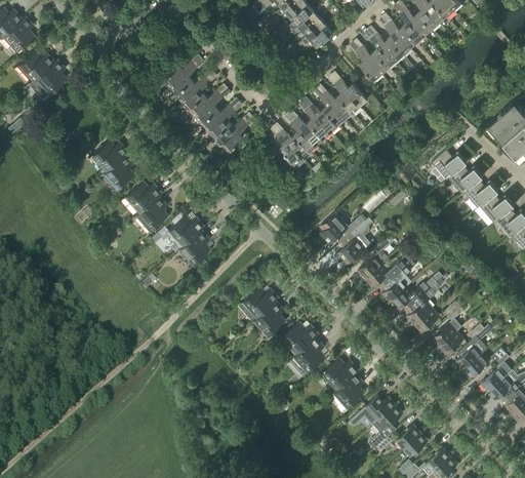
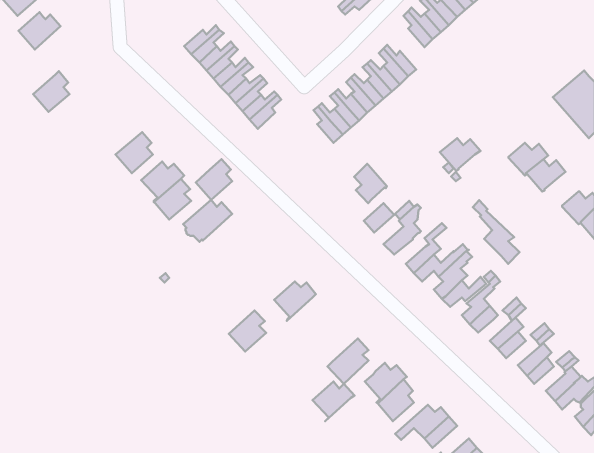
building: [34,58,66,94] -> [33,71,69,112]
building: [90,140,128,174] -> none
building: [431,150,467,178] -> [440,138,481,171]
building: none -> [354,164,387,203]
building: [479,193,514,222] -> none
building: none -> [473,200,519,264]
building: [178,230,210,266] -> [196,159,232,200]
building: [252,301,285,336] -> [229,311,266,351]
building: [281,322,318,357] -> [312,382,354,421]

